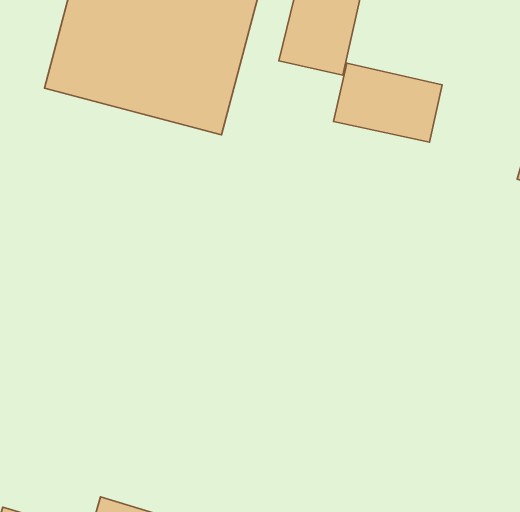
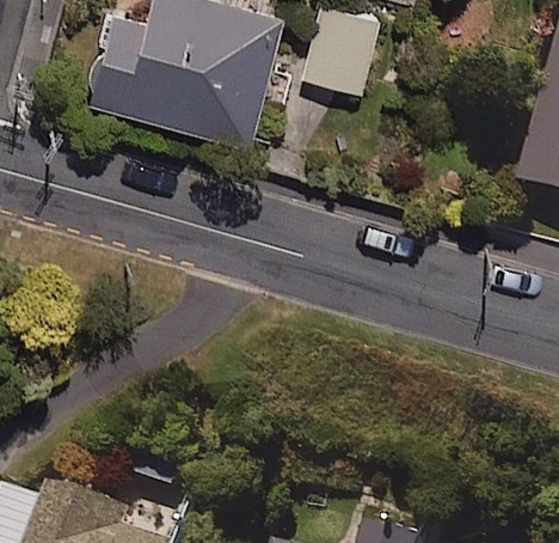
building: [334,63,442,142] -> none

